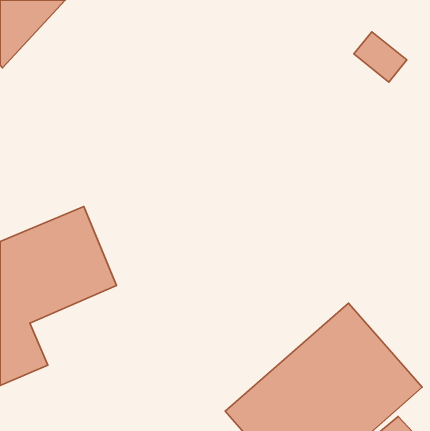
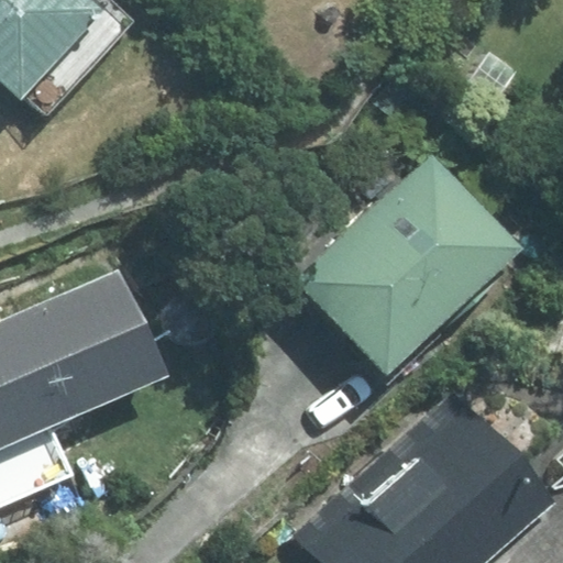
building: none -> [297,154,515,369]

